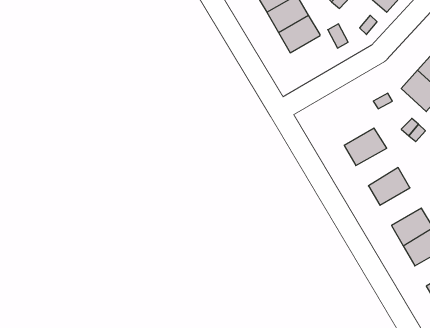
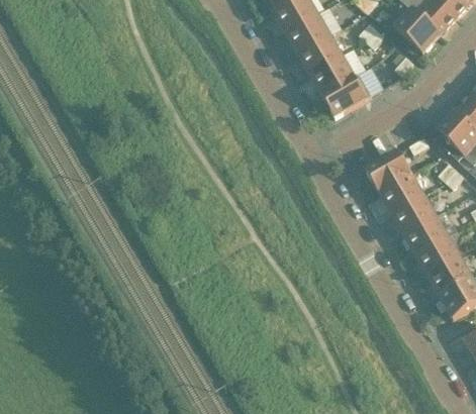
building: none -> [322,74,372,117]
building: none -> [367,152,410,193]
building: none -> [391,196,436,235]
building: none -> [416,237,460,277]

